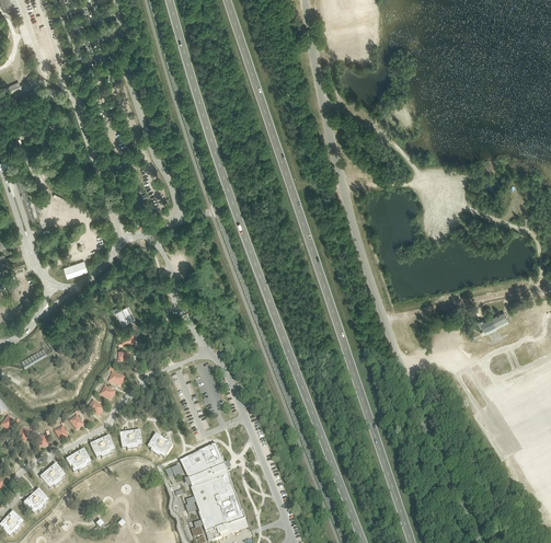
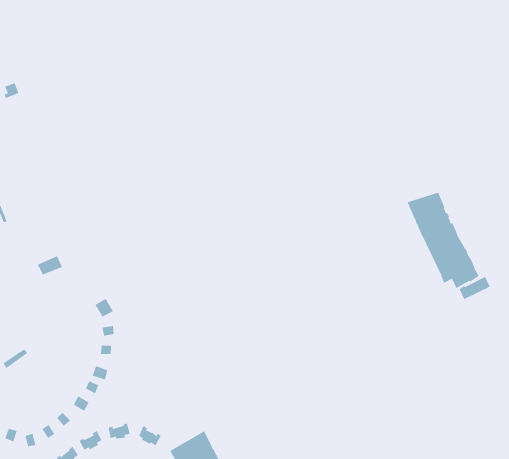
building: none -> [407,192,480,289]

